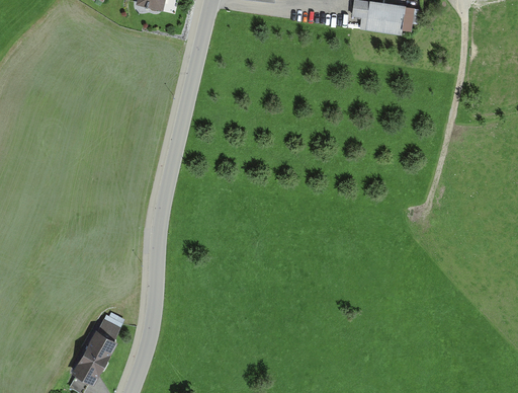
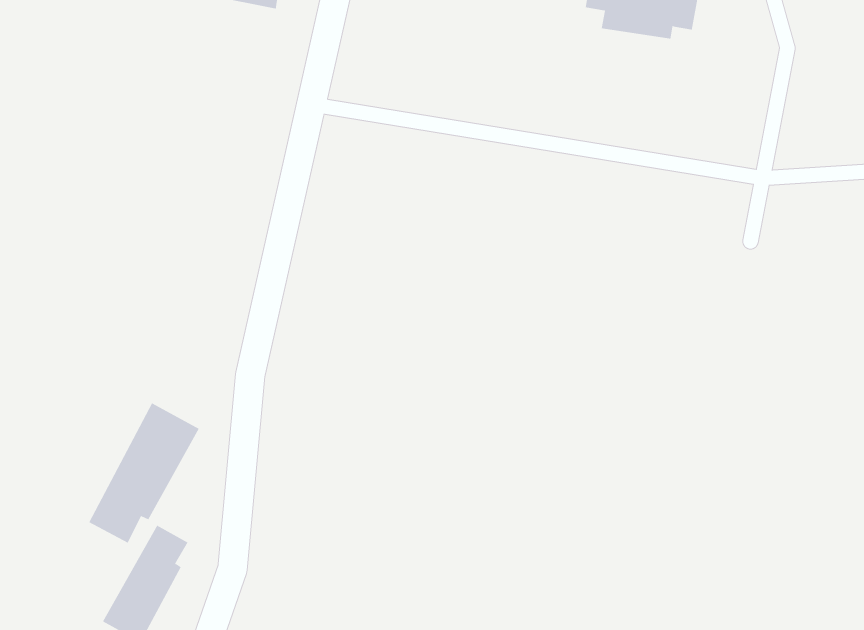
building: none -> [88,403,199,544]

